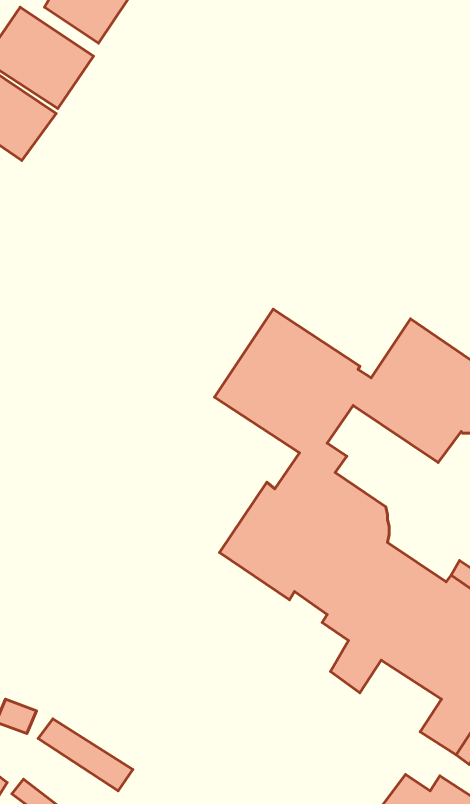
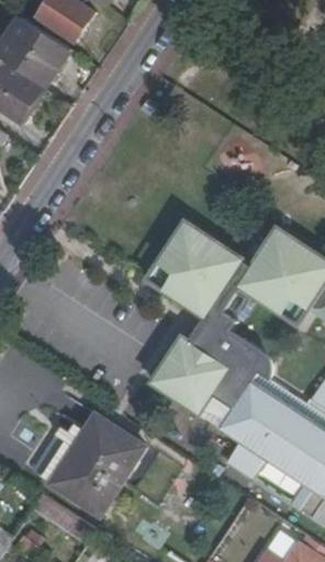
building: none -> [49,419,145,517]

